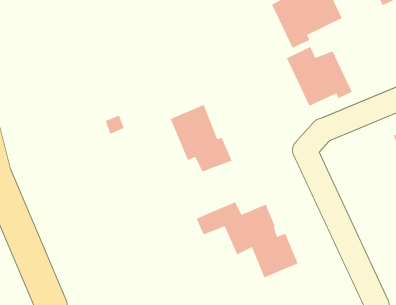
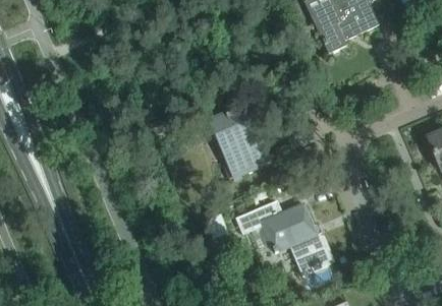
building: [286,46,352,106] -> none

